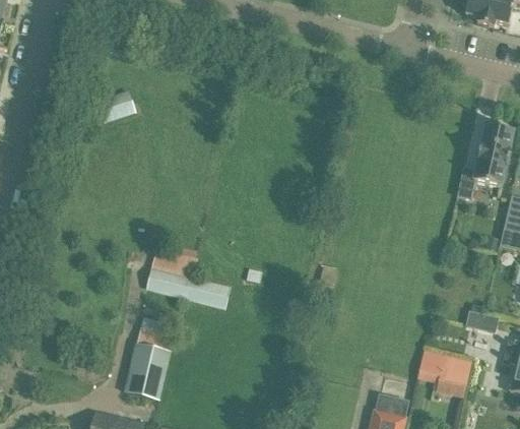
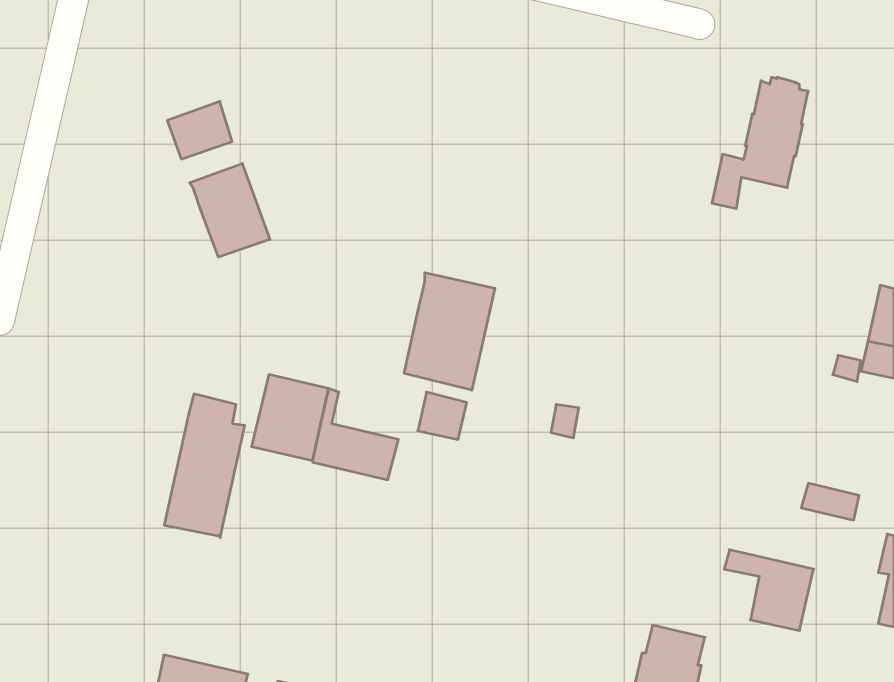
building: [457,123,513,199] -> [712,77,808,209]
building: none -> [190,163,270,257]
building: none -> [404,273,495,390]
building: [126,316,173,400] -> [164,394,245,538]

